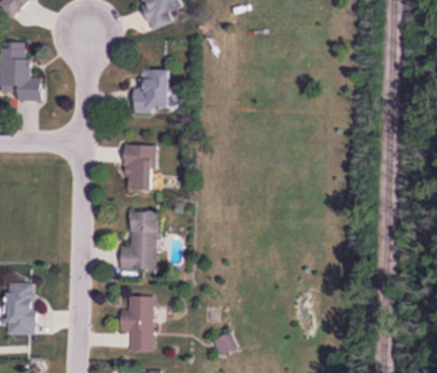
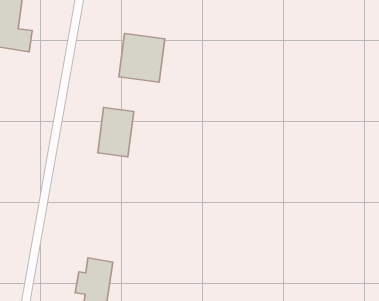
building: [120,211,156,270] -> none

